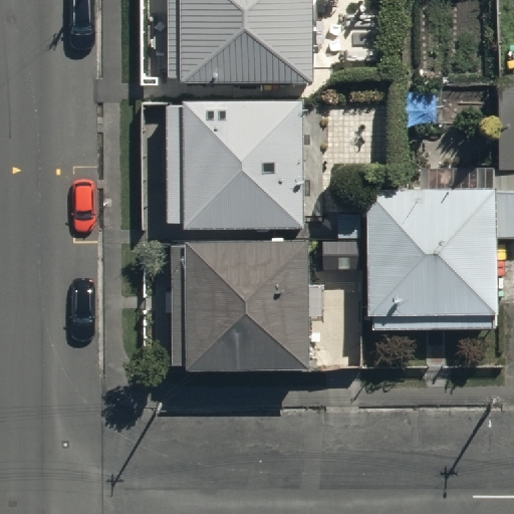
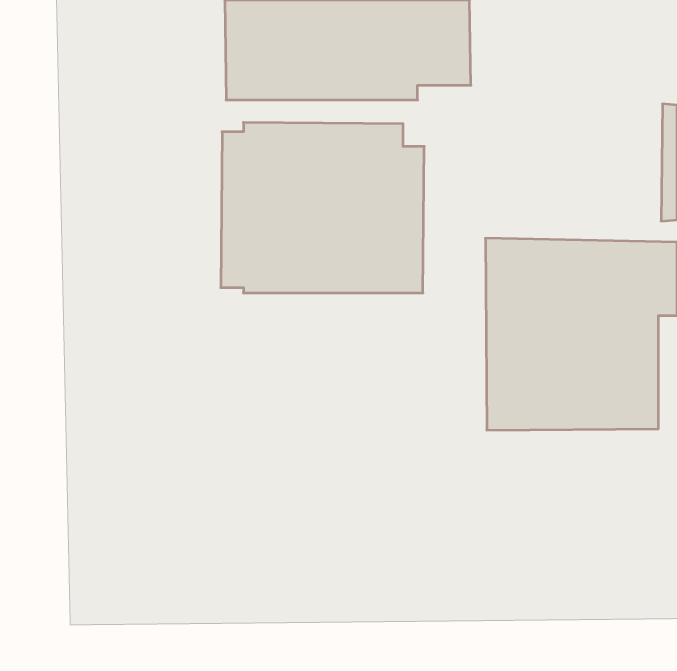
building: [172,240,322,372] -> none

